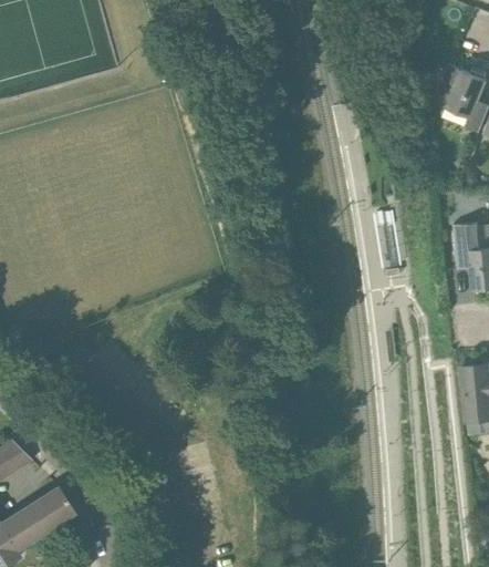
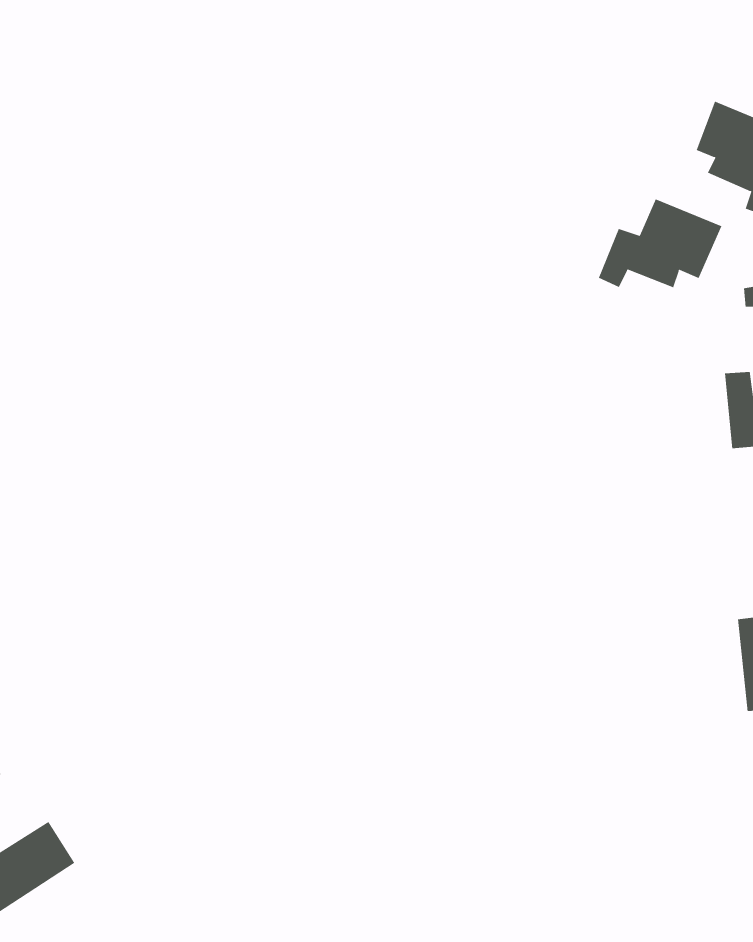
building: none -> [598,198,722,288]

